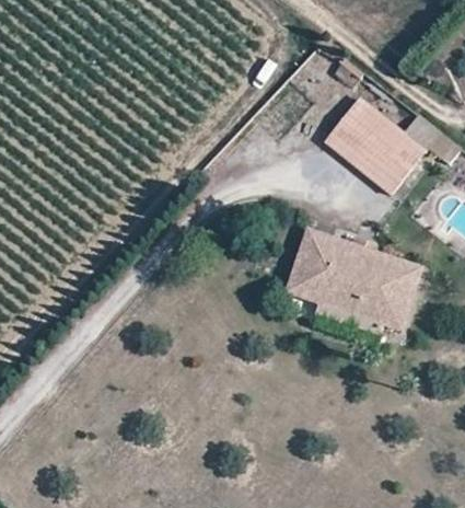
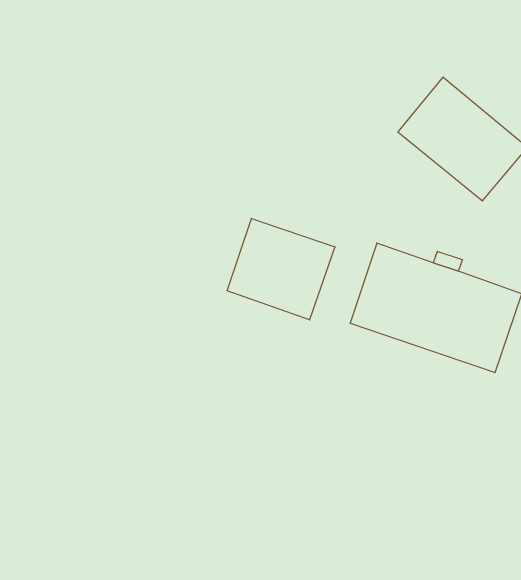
building: none -> [227,218,335,320]

